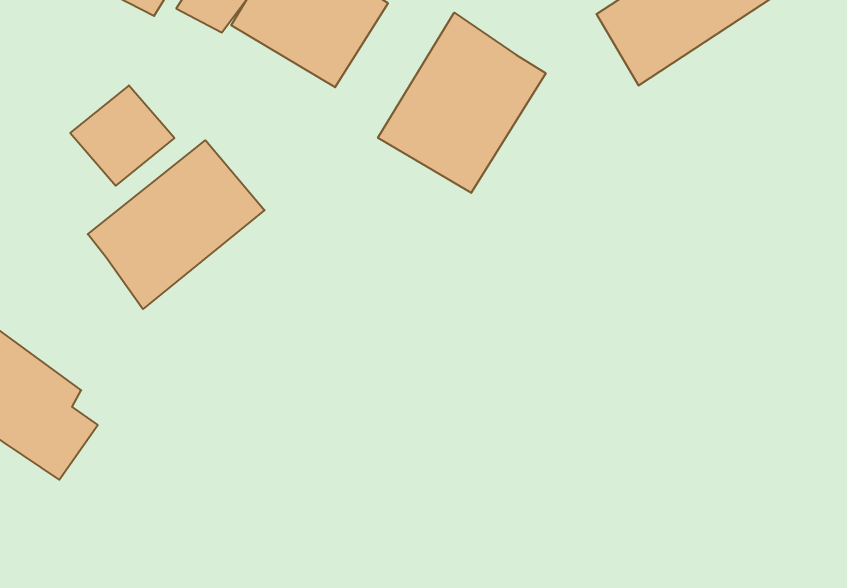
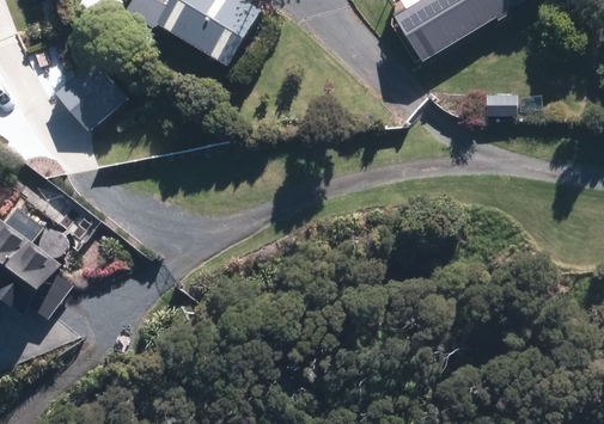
building: [378,13,546,193] -> none
building: [88,140,265,309] -> none

